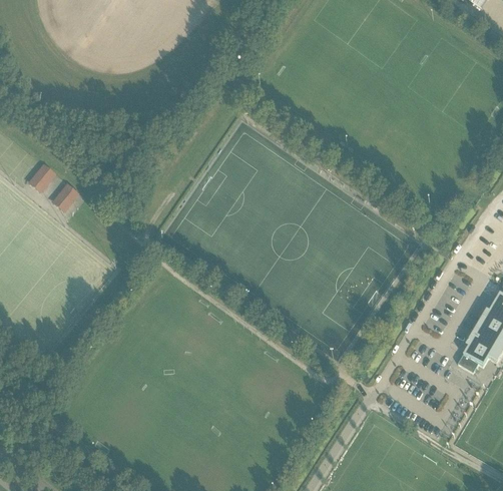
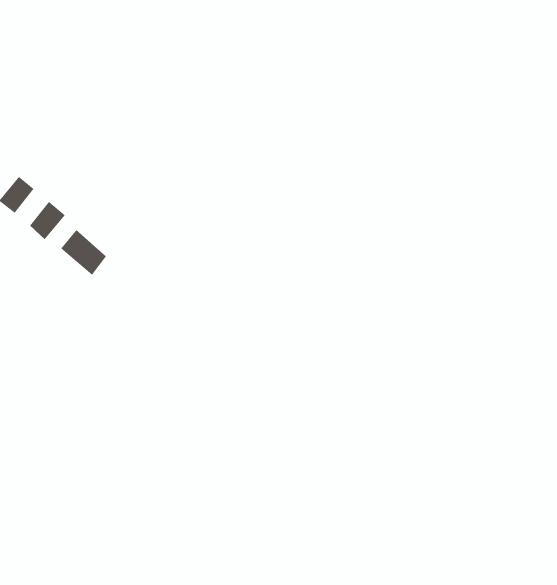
building: none -> [60,229,107,276]

